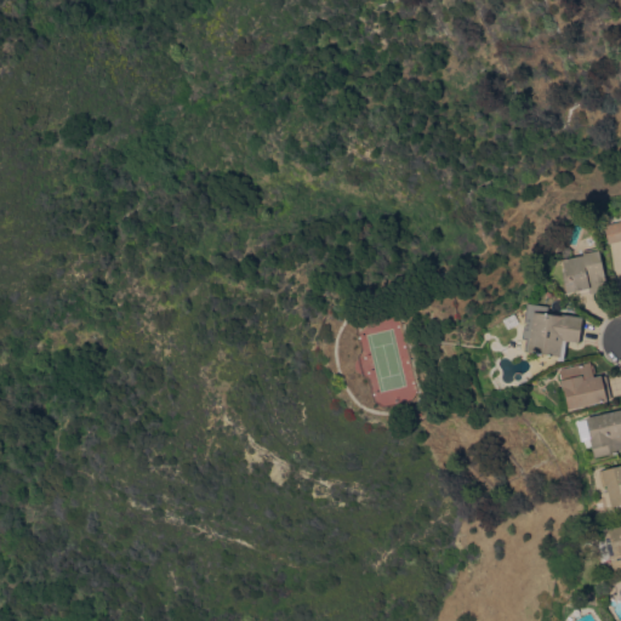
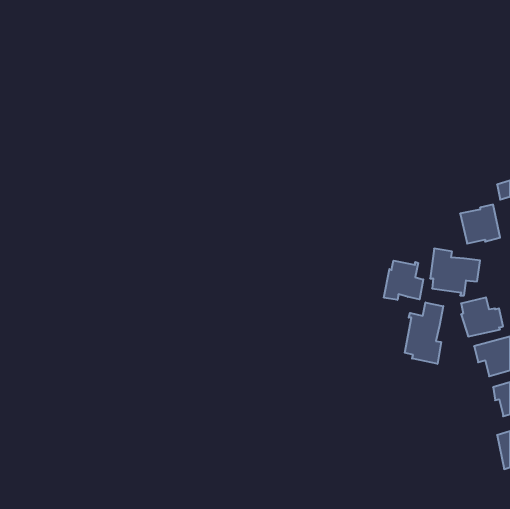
building: none -> [384,261,423,300]
building: none -> [405,302,443,364]

